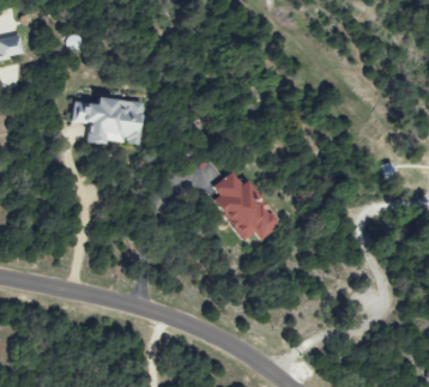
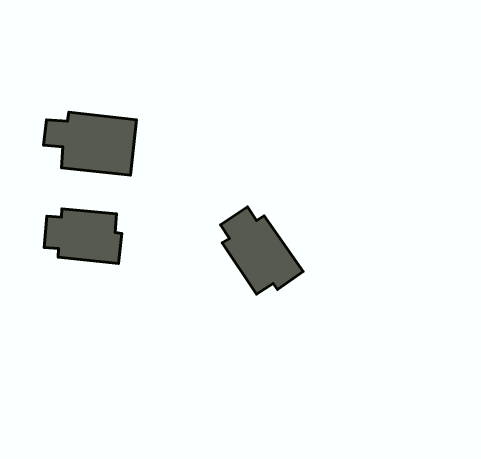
building: none -> [44,209,122,264]

